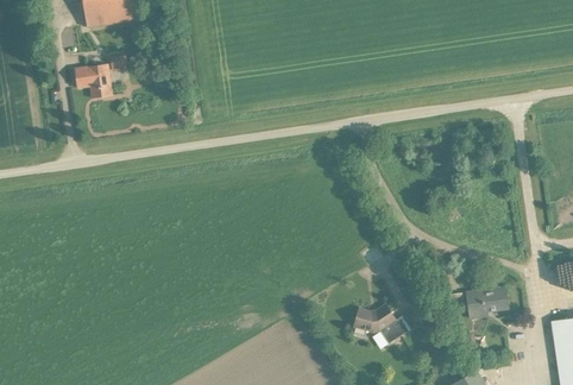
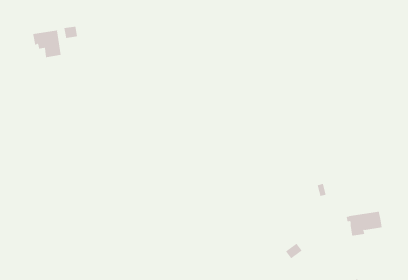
building: [354,304,397,333] -> none

